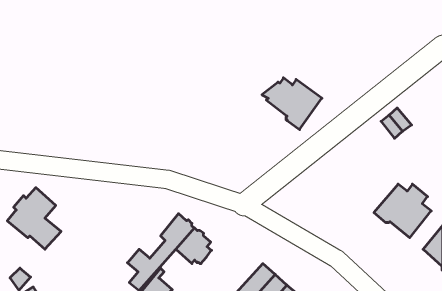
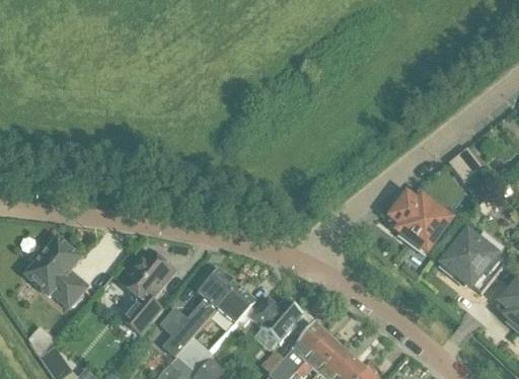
building: [262,78,322,130] -> [382,196,450,254]
building: none -> [119,248,176,335]
building: none -> [250,295,302,342]

